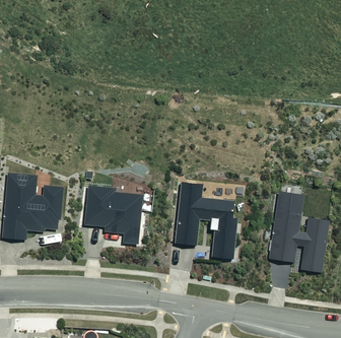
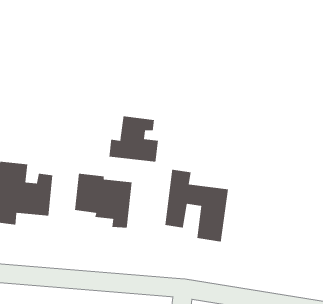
building: none -> [109,116,158,162]
building: [268,195,329,274] -> none

